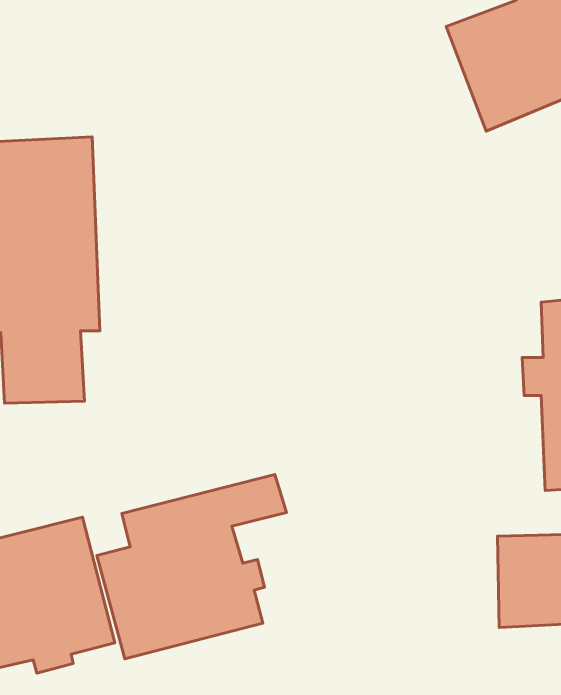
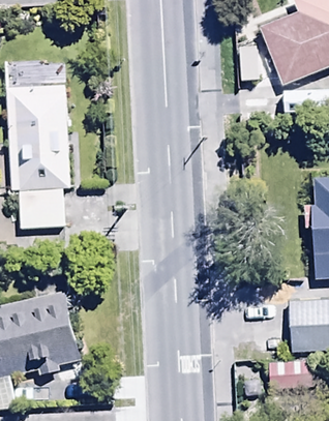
building: [97,475,287,659] -> none

